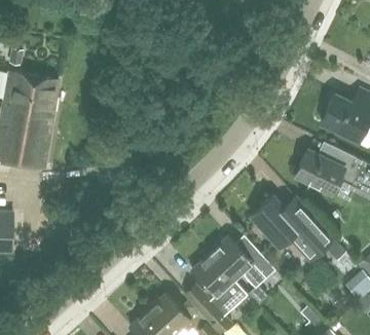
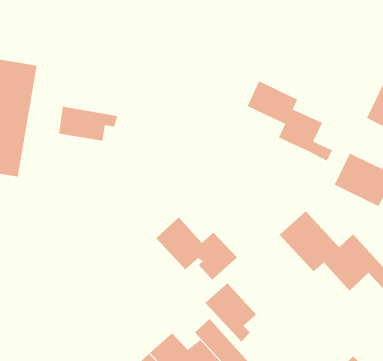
building: none -> [247,81,333,161]
building: none -> [59,106,118,141]
building: [211,236,276,288] -> [156,216,238,281]

